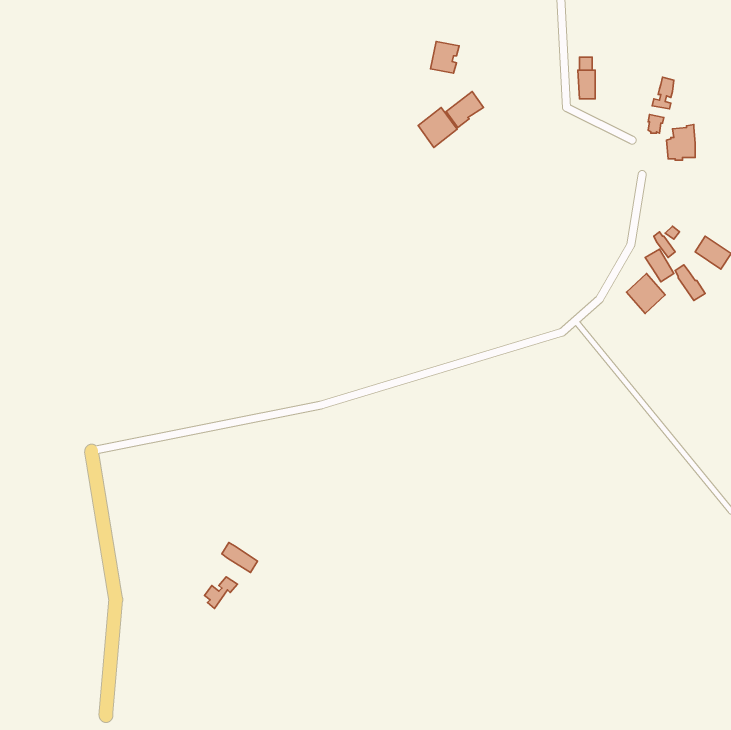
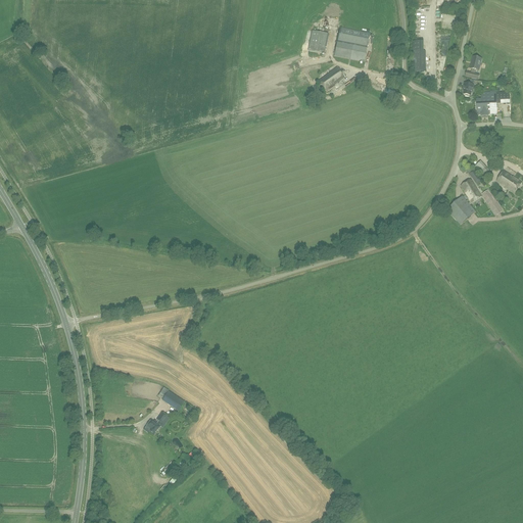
building: none -> [334,27,369,60]
building: [418,107,457,147] -> none

